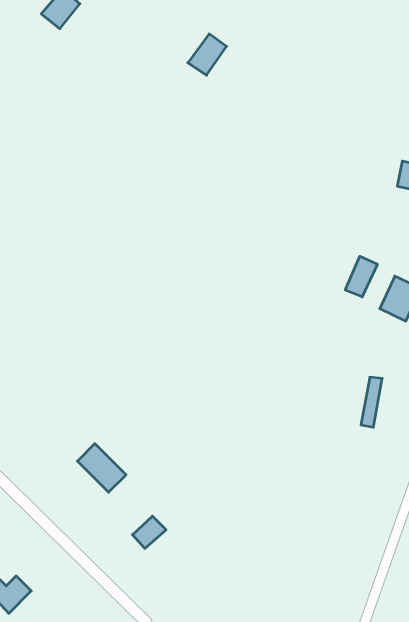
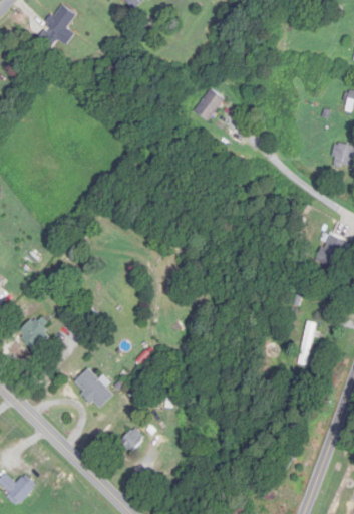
building: [188,34,227,75] -> [192,88,223,121]
building: [345,256,377,297] -> none
building: none -> [16,318,48,349]

